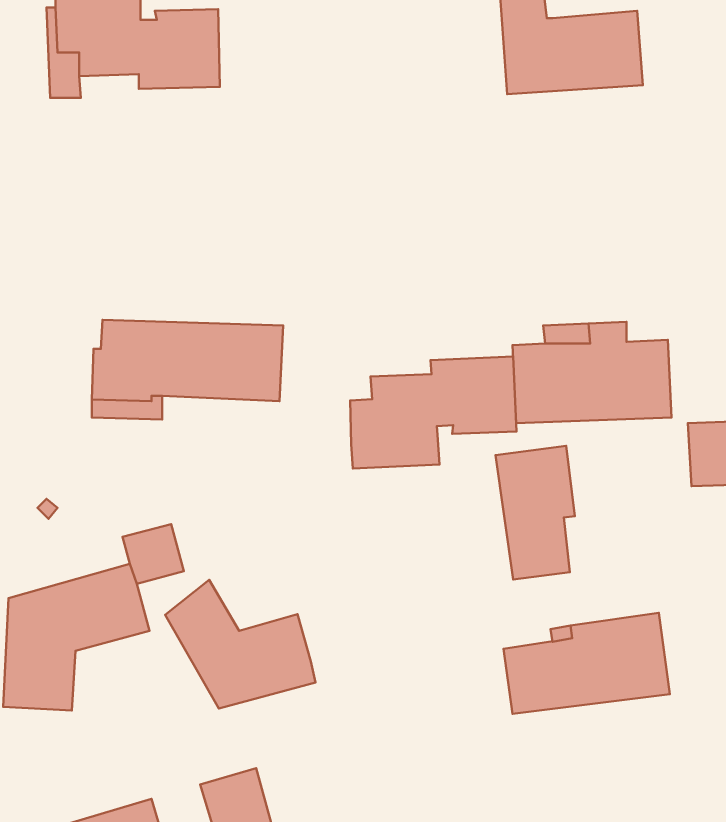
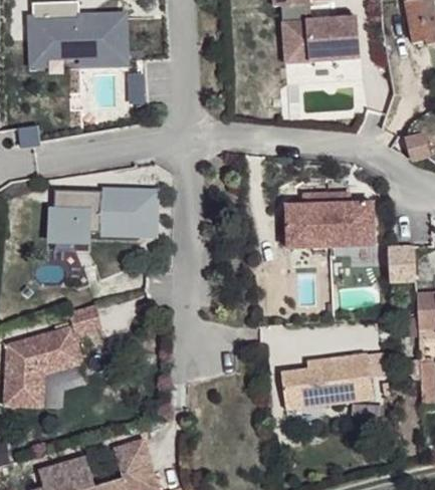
building: [350,356,516,469] -> none
building: [496,446,575,580] -> none
building: [165,580,315,709] -> none

